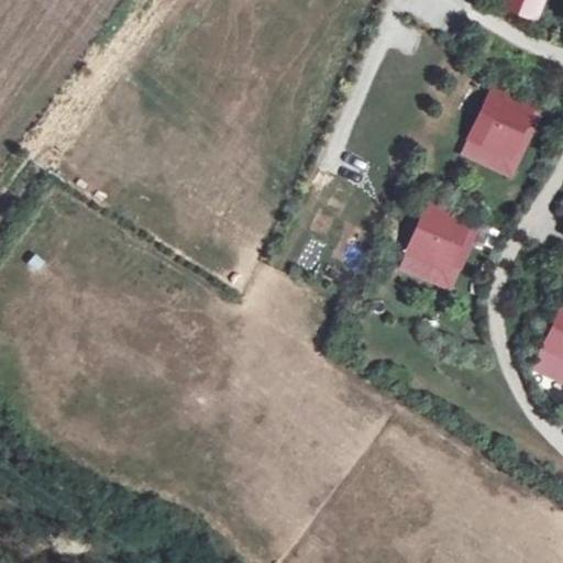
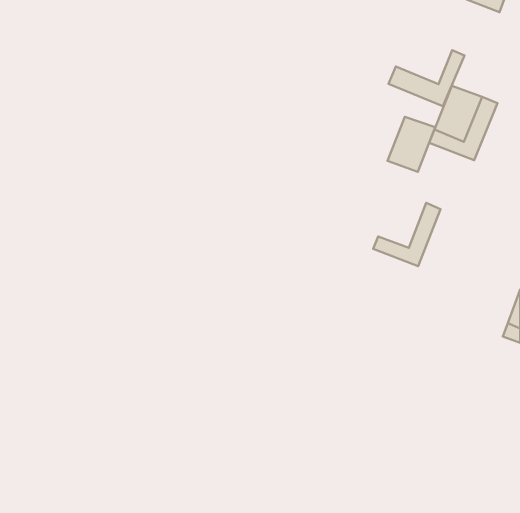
building: none -> [388,50,465,106]
building: [408,208,460,267] -> [387,117,435,172]

